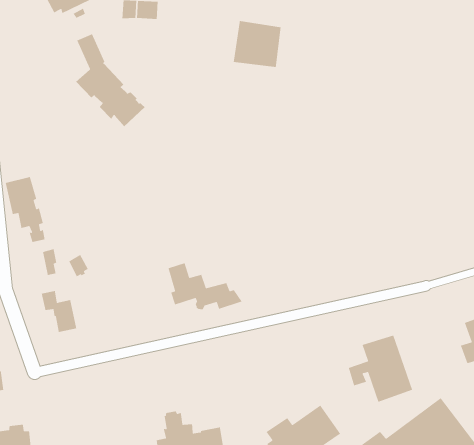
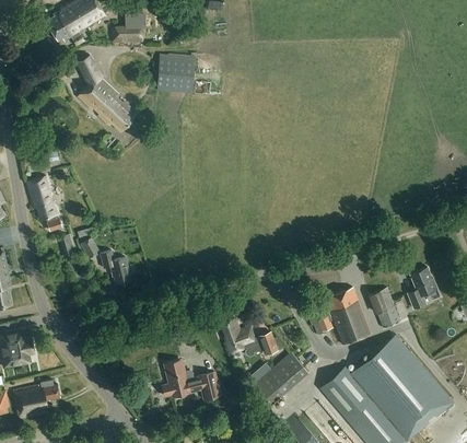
building: [233,20,282,68] -> [156,56,195,93]
building: [168,262,243,310] -> [221,318,284,357]
building: [41,290,77,333] -> [100,250,131,285]
building: none -> [370,288,400,328]

